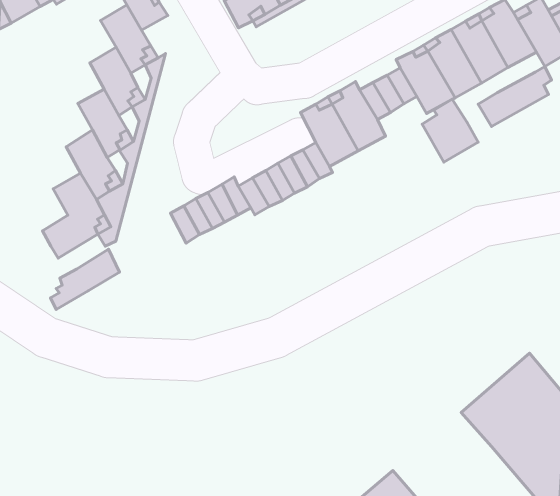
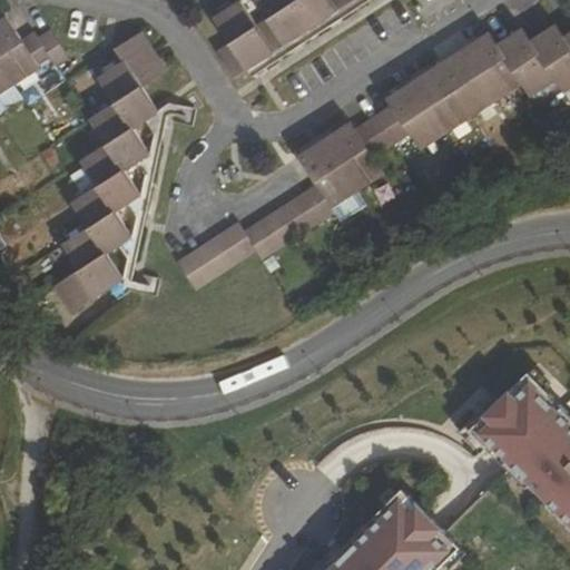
building: [478,66,552,126] -> none
building: [422,99,478,162] -> none
building: [50,249,120,309] -> none

